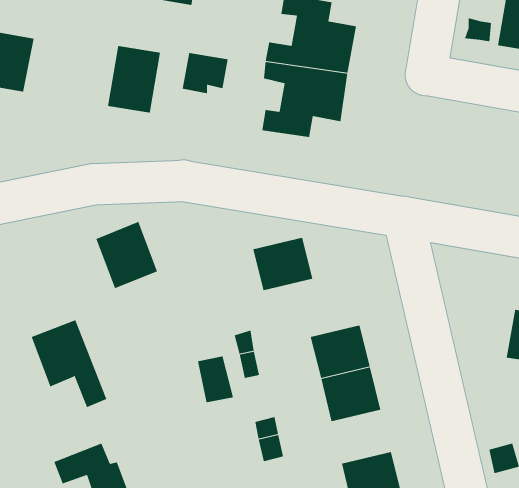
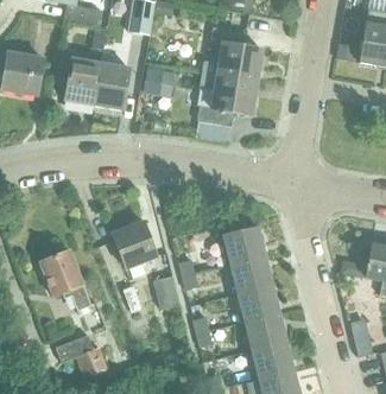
building: none -> [59,56,99,104]
building: [96,221,158,289] -> [113,221,156,267]
building: [253,237,313,291] -> [223,225,265,262]
building: none -> [245,312,286,349]

